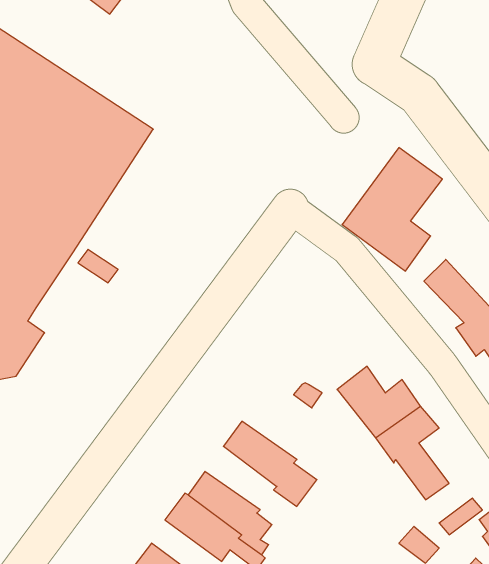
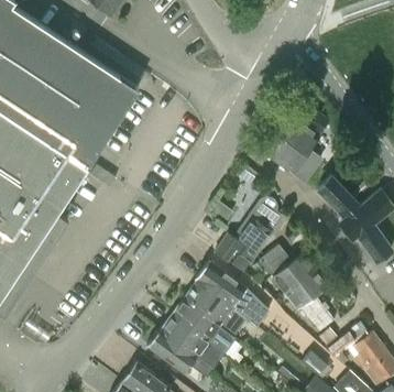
building: none -> [215,198,283,262]
building: none -> [195,263,269,328]
building: none -> [173,298,236,355]

